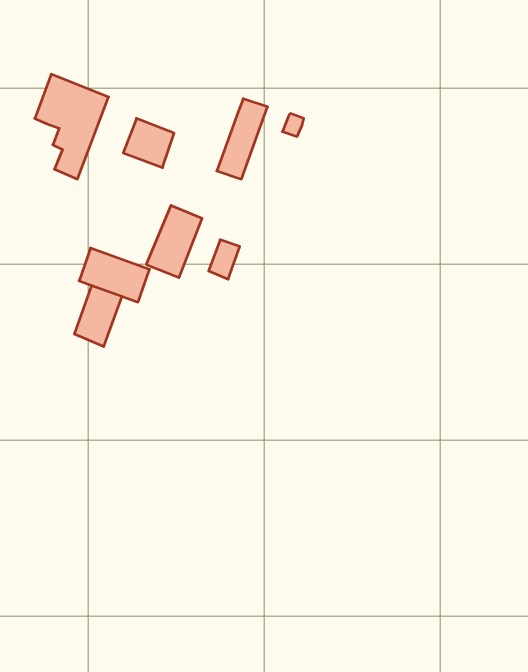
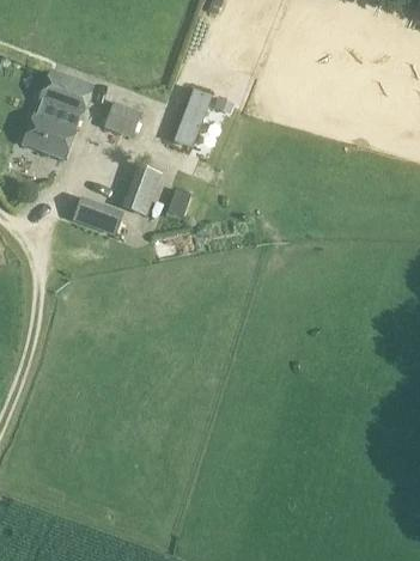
building: none -> [23,105,71,159]
building: [74,285,122,347] -> none

